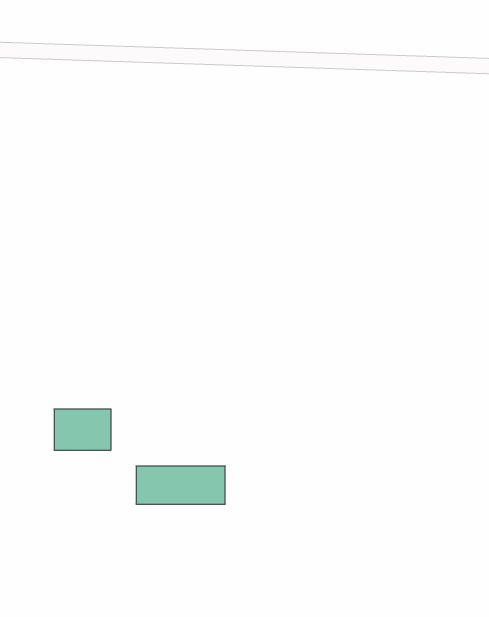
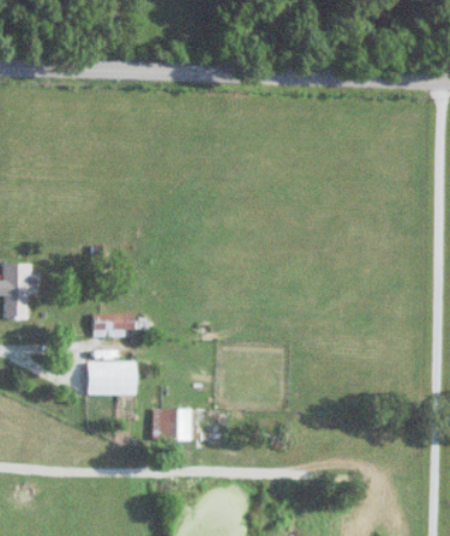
building: none -> [94,312,133,335]

